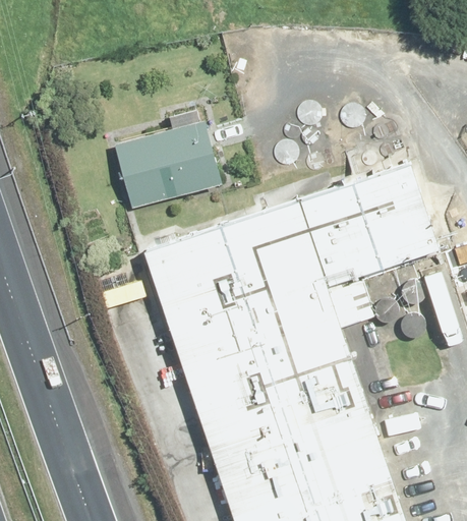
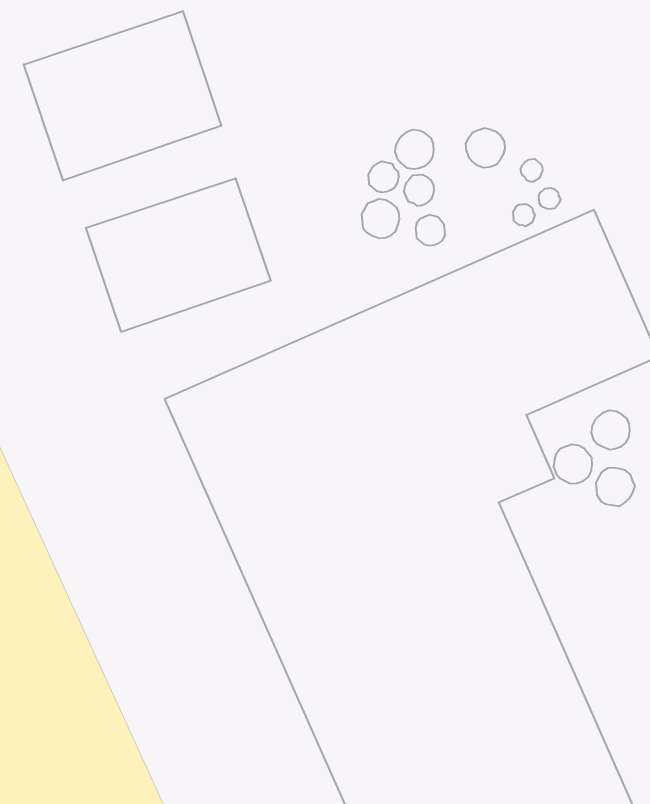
building: none -> [24,11,221,181]

